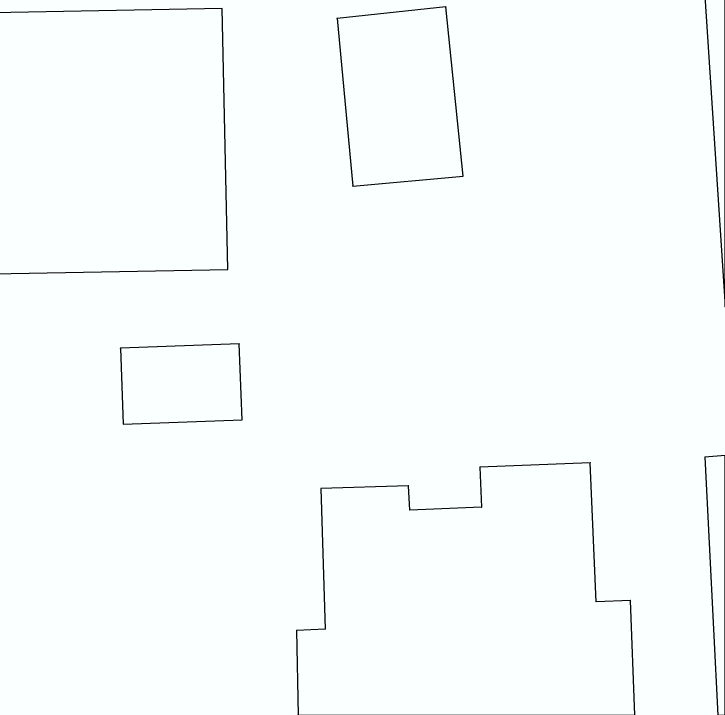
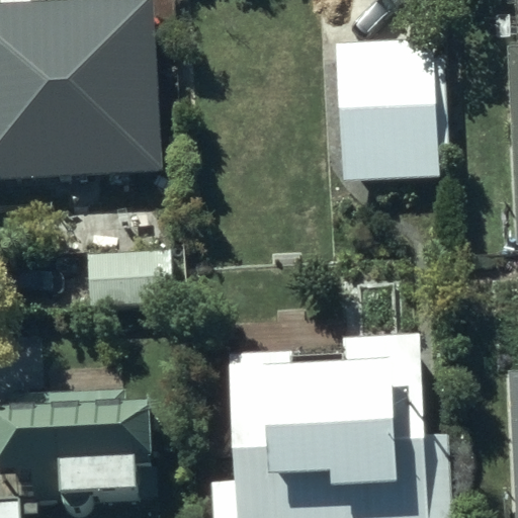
building: [337,7,463,186] -> [340,38,429,165]
building: none -> [9,404,164,496]

